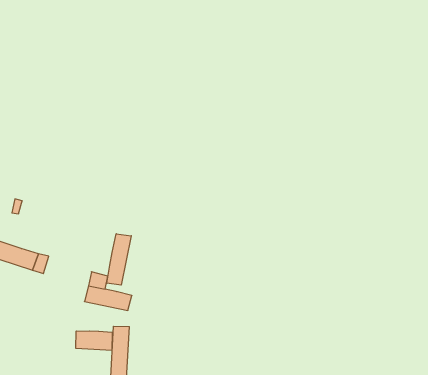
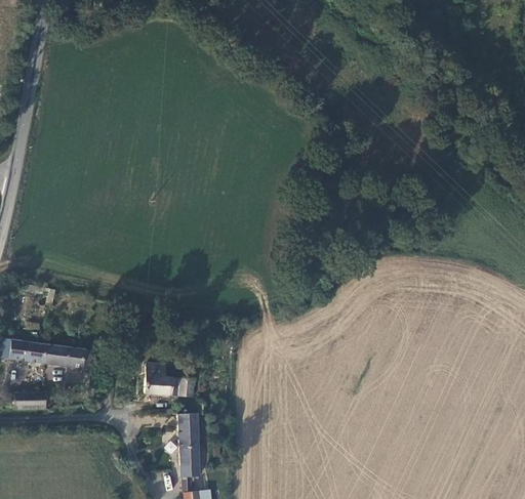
building: [107,234,131,285] -> none
building: [76,331,112,351] -> none

